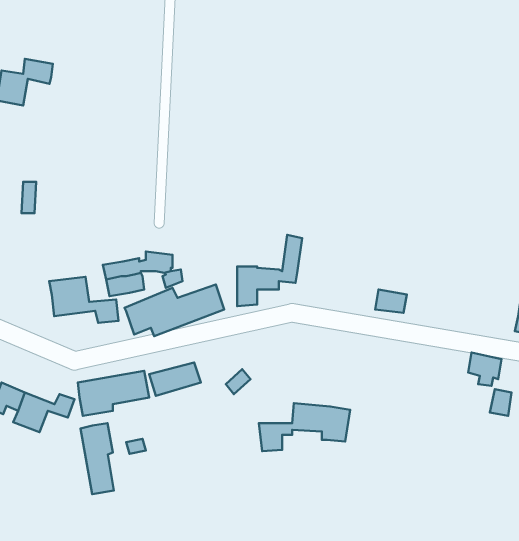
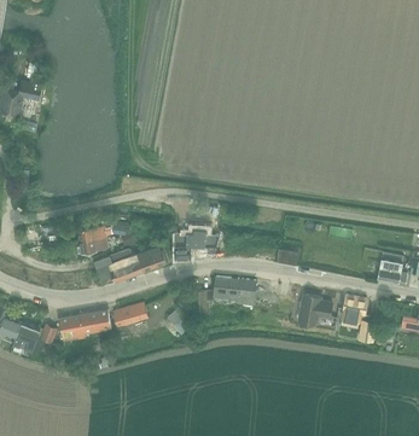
building: [49,277,118,323] -> none
building: none -> [298,293,331,322]
building: [259,403,350,451] -> [190,277,256,312]
building: [81,423,114,494] -> none

